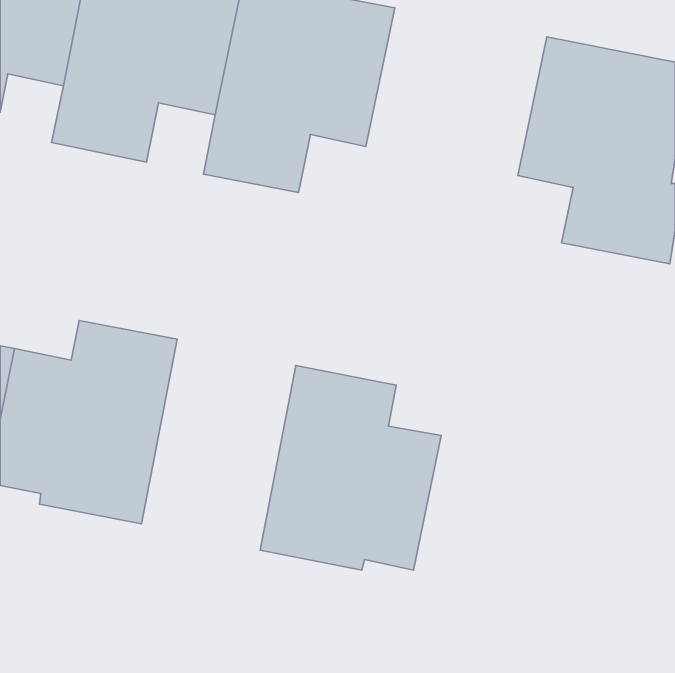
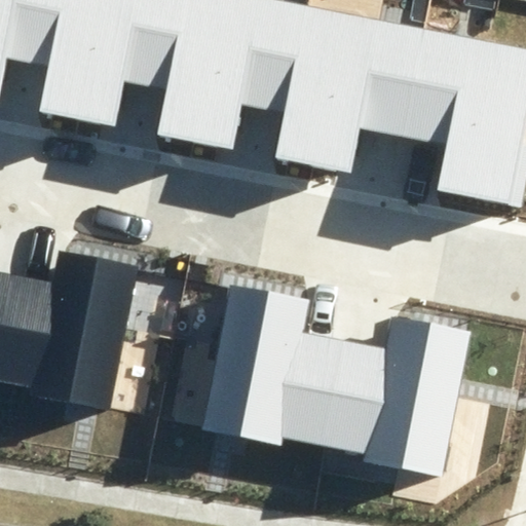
building: none -> [276,6,425,174]
building: none -> [322,317,469,476]

